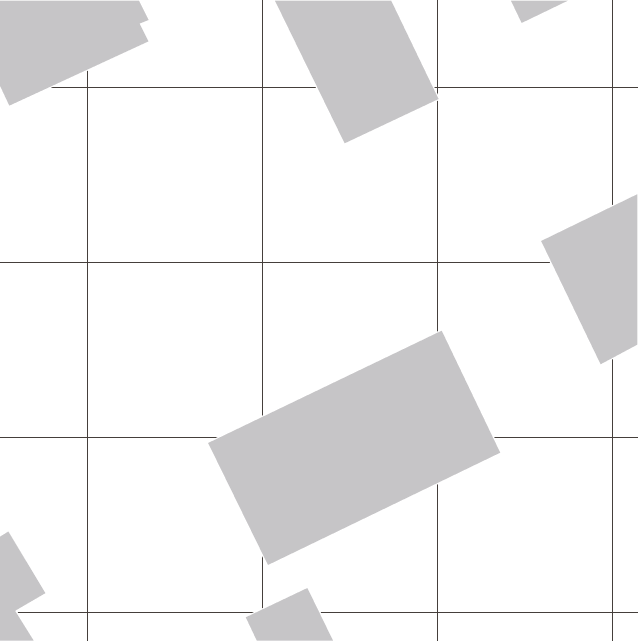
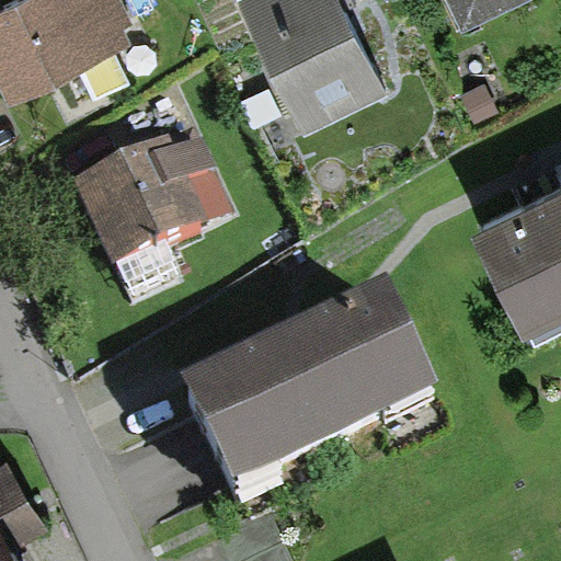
building: none -> [71,142,231,268]

